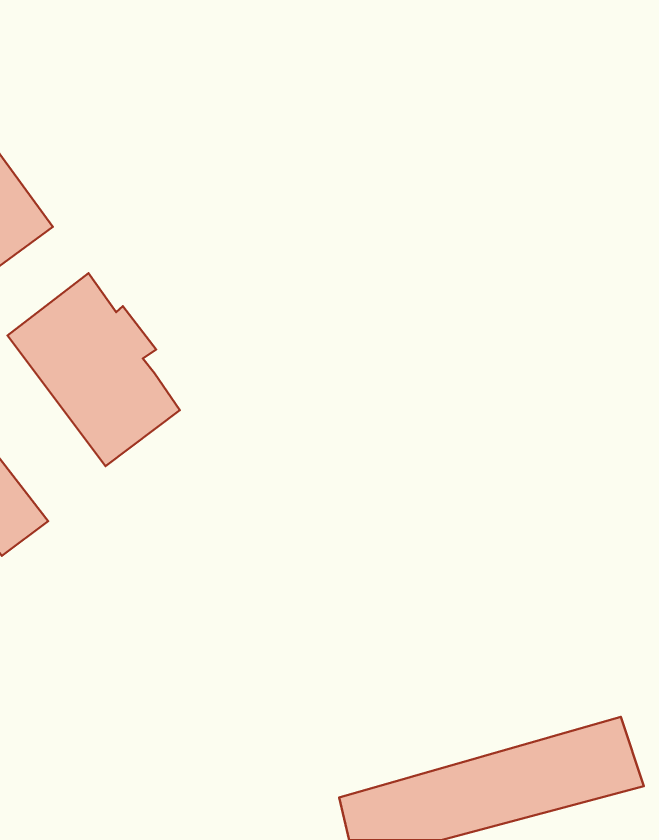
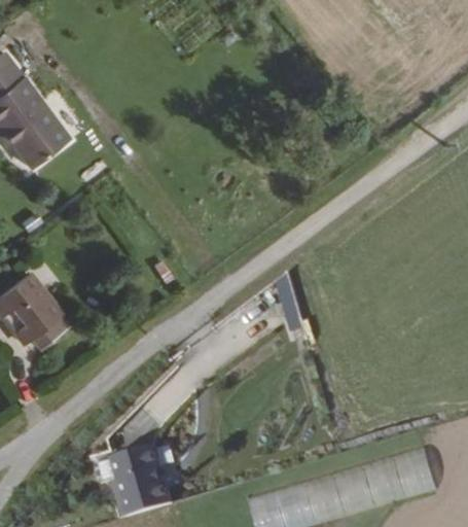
building: [7,273,180,466] -> none
building: none -> [113,438,175,511]

